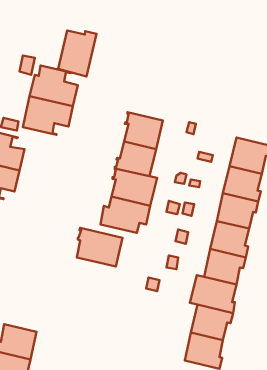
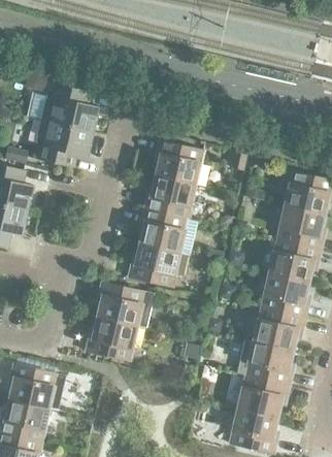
building: [58,31,96,76] -> none
building: none -> [86,318,137,361]
building: none -> [9,364,66,411]

